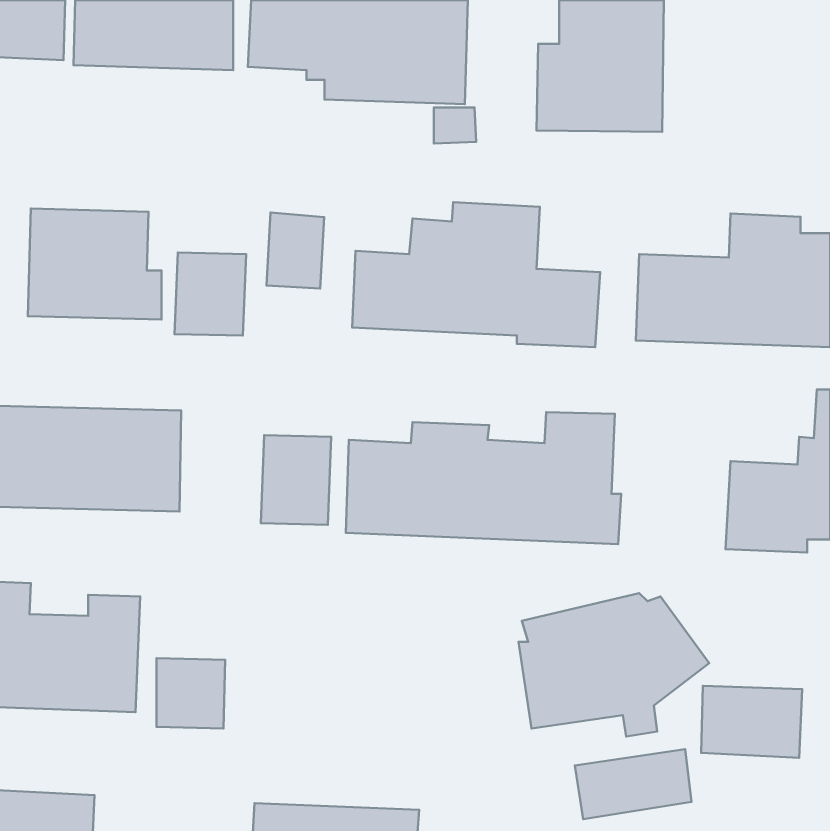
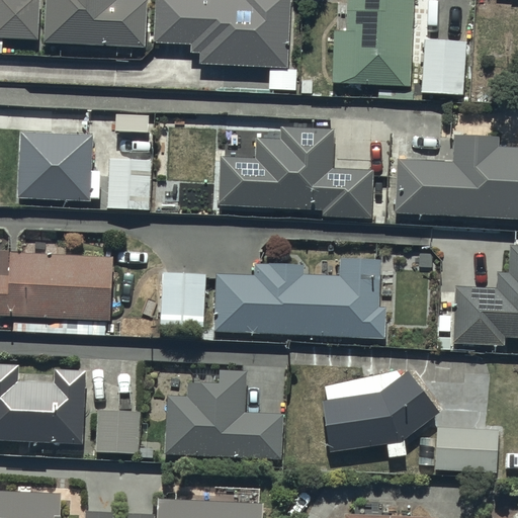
building: none -> [421,37,463,94]
building: [266,212,324,289] -> none
building: none -> [165,371,286,459]
building: [575,749,692,819] -> none

